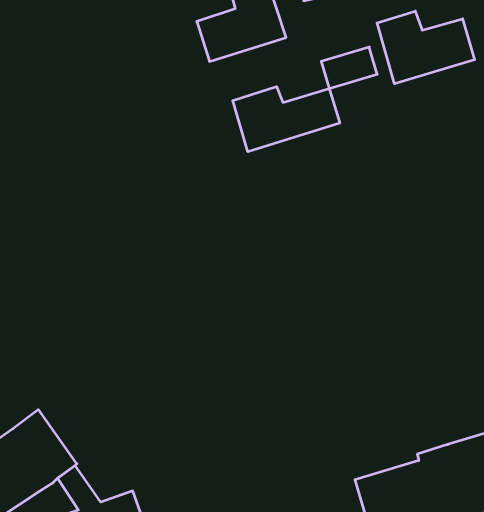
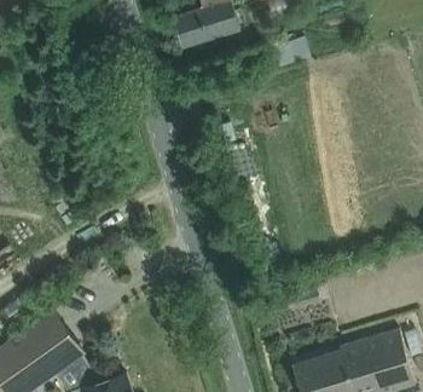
building: [377,11,475,84] -> none
building: [233,87,340,152] -> none

